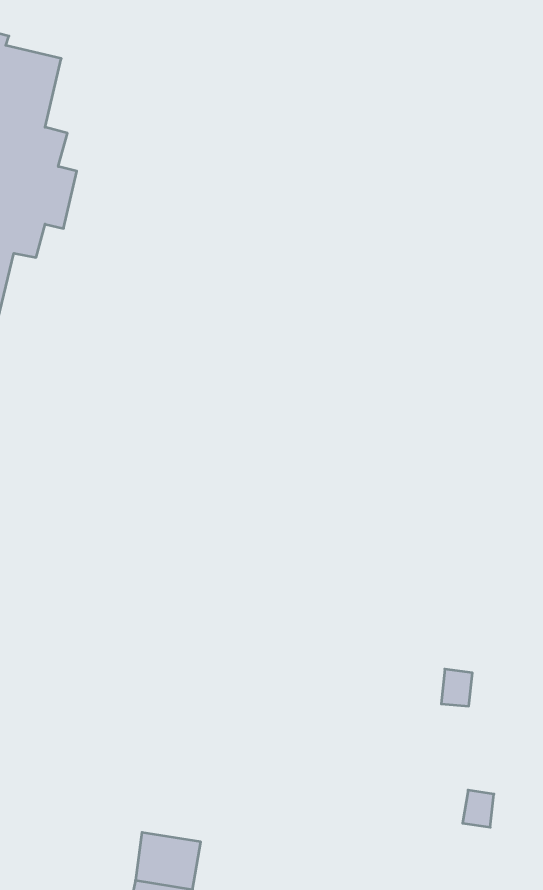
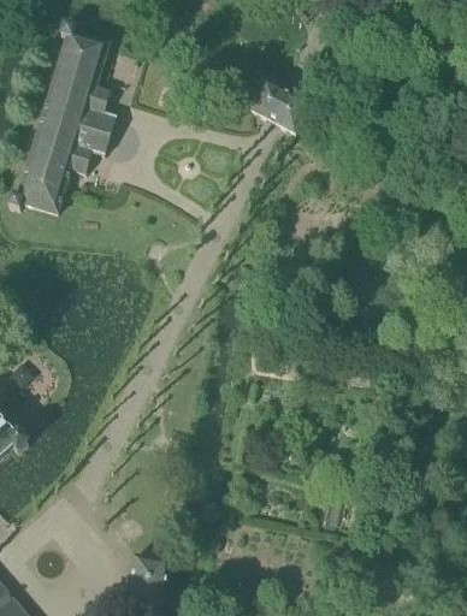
building: none -> [249,79,309,132]

